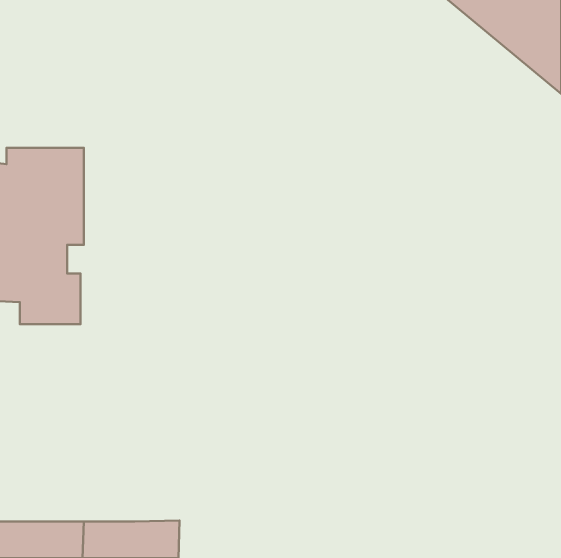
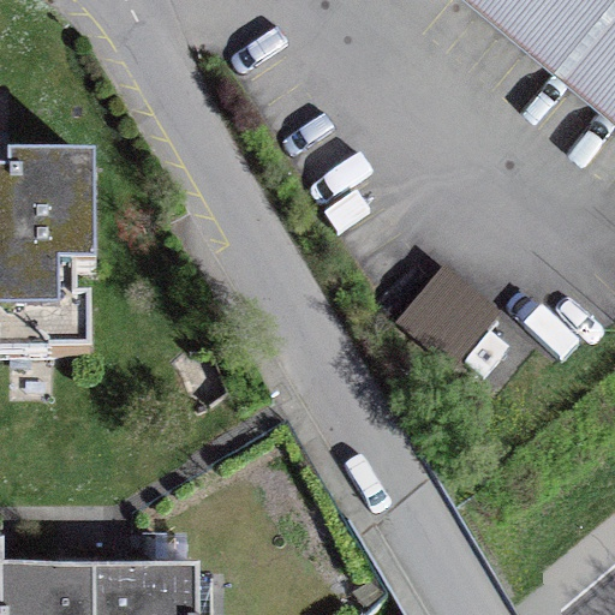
building: none -> [396,267,495,366]

